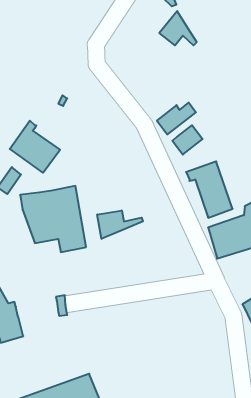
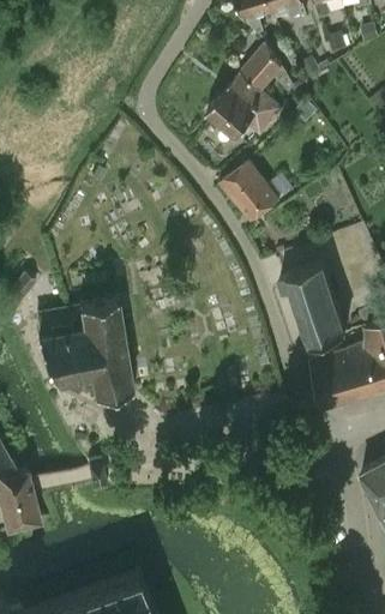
building: none -> [205,76,282,142]
building: [10,121,60,173] -> none
building: [172,125,203,155] -> [219,161,264,204]
building: [97,210,143,239] -> none

